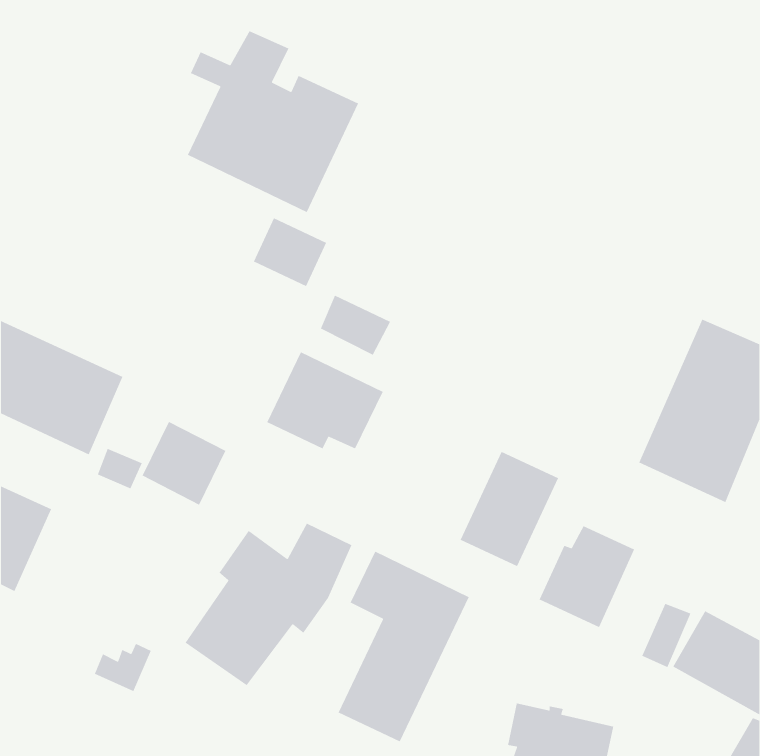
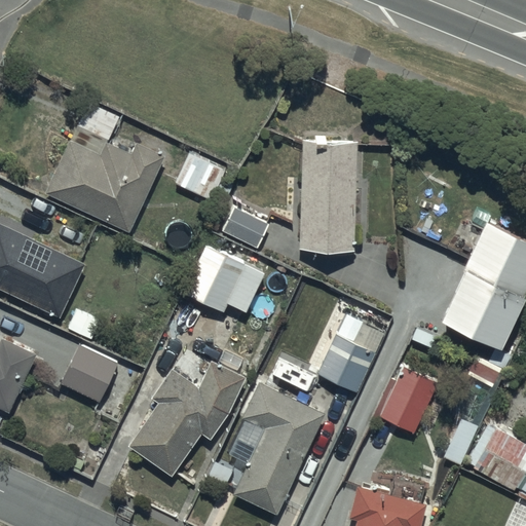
building: [187,30,359,213] -> [47,105,166,231]
building: none -> [298,138,359,254]
building: [142,421,226,506] -> [59,344,117,403]

